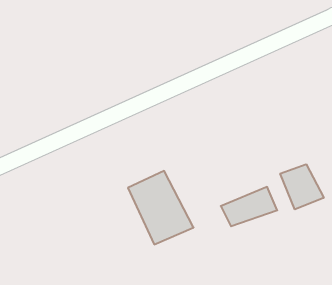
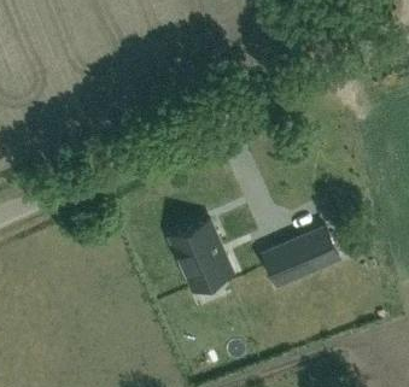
building: [280,164,324,209] -> none

